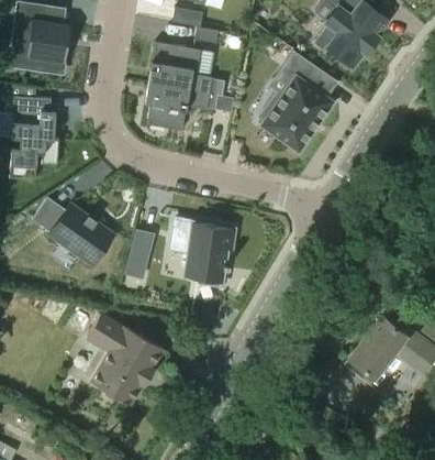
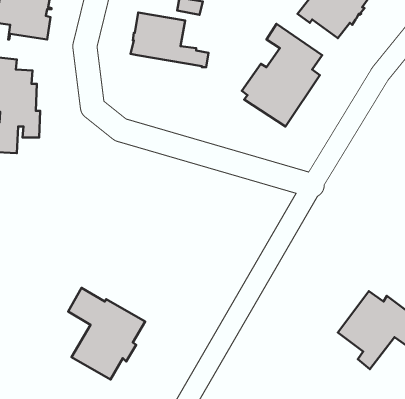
building: [145,83,219,131] -> none
building: [33,197,114,264] -> none
building: [165,221,230,281] -> none
building: [125,230,154,280] -> none

